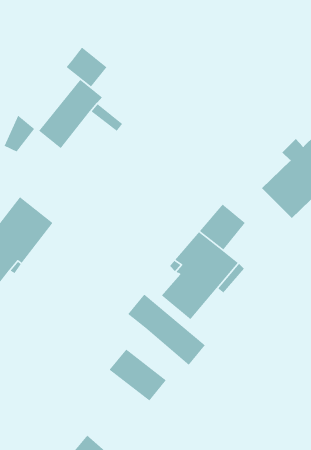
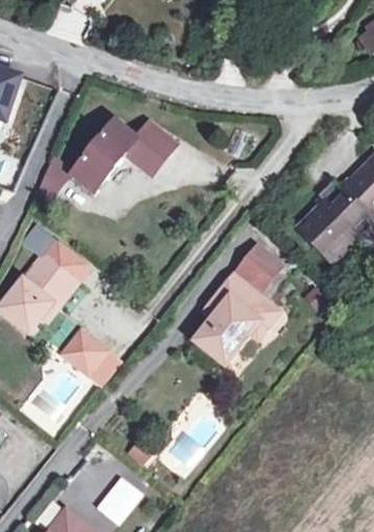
building: [66,47,108,88] -> [131,123,173,164]
building: [127,293,206,366] -> none
building: [109,348,167,402] -> [61,331,121,385]

